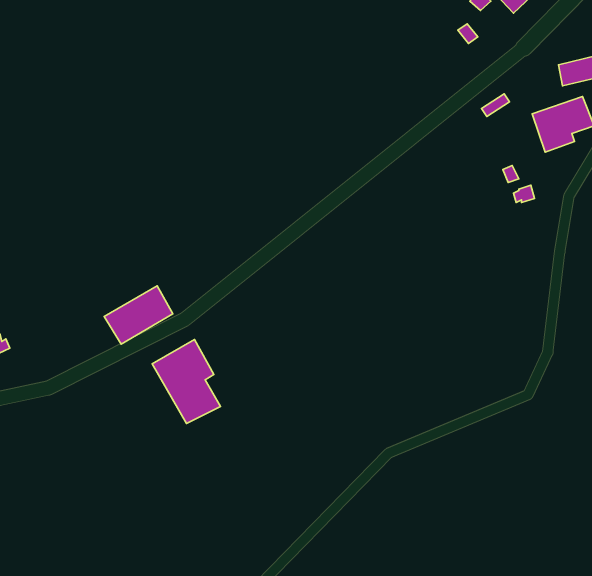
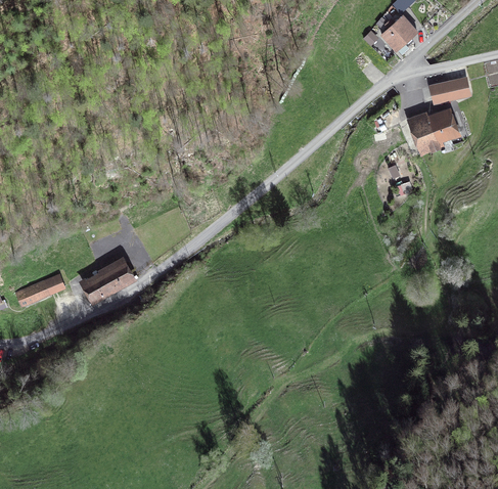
building: none -> [15,273,66,307]
building: [152,339,220,423] -> none

